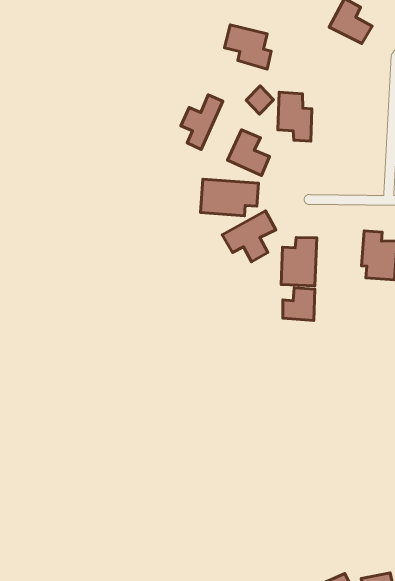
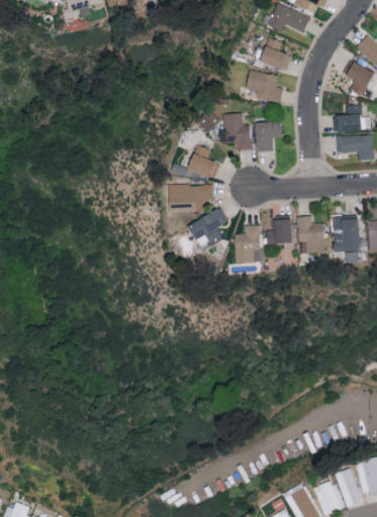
building: [225,25,271,69] -> [246,70,282,102]
building: [181,95,223,150] -> none
building: none -> [255,121,280,151]
building: [283,288,315,320] -> [266,219,291,243]

